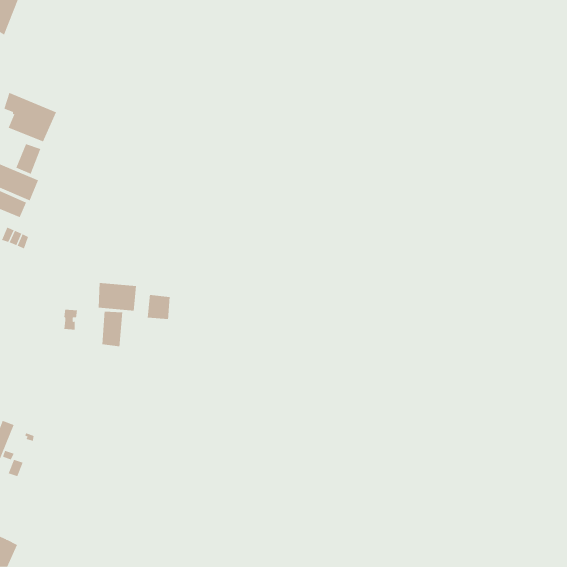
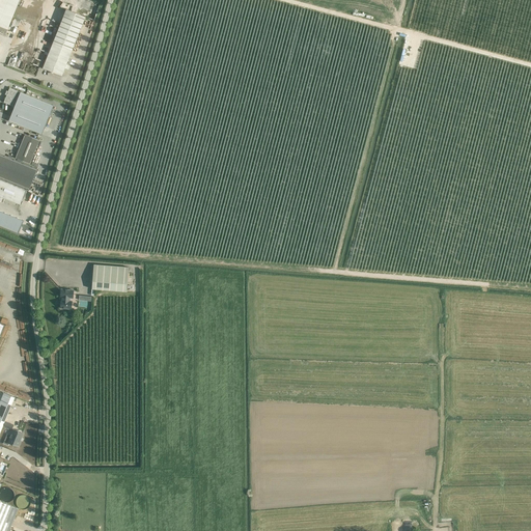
building: none -> [41,8,84,75]
building: [147,294,170,320] -> none
building: [102,311,123,347] -> none

